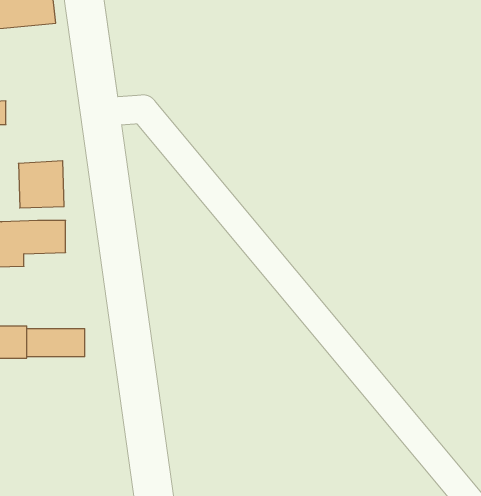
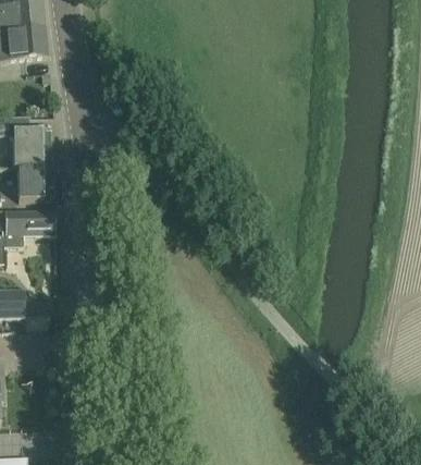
building: none -> [13,129,53,164]
building: [27,329,85,357] -> none

